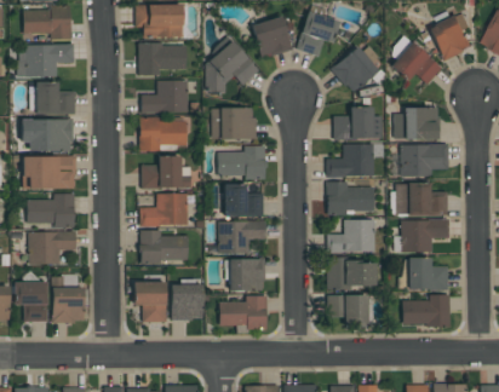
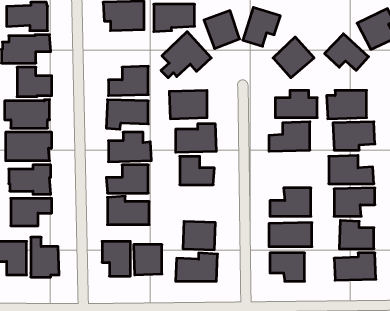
building: [139,45,187,76] -> [154,4,195,32]
building: [327,181,374,213] -> none
building: [218,221,265,254] -> none

